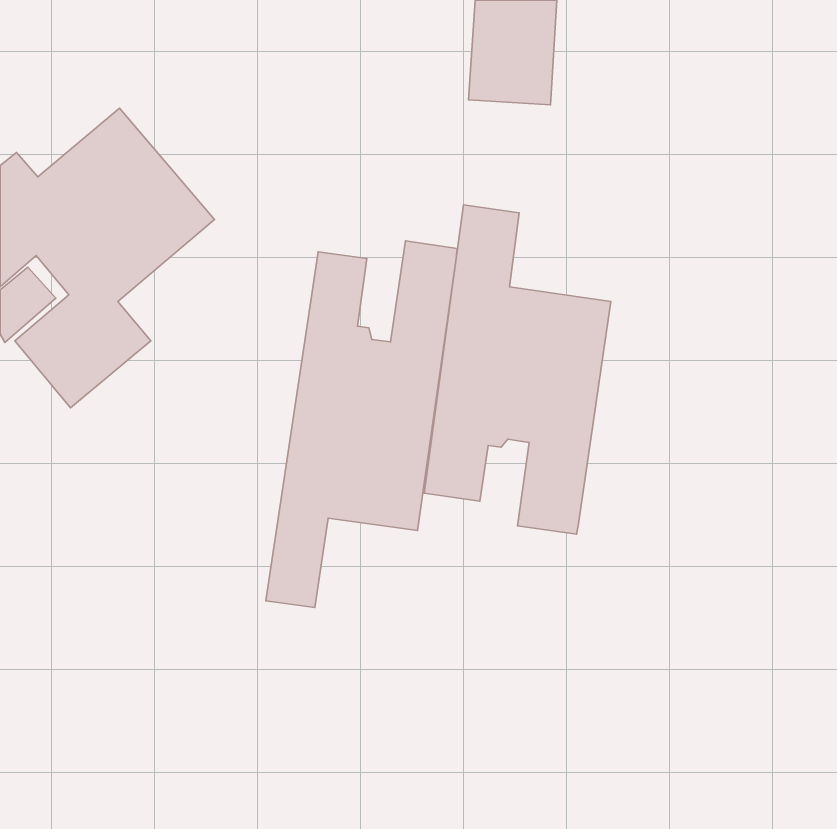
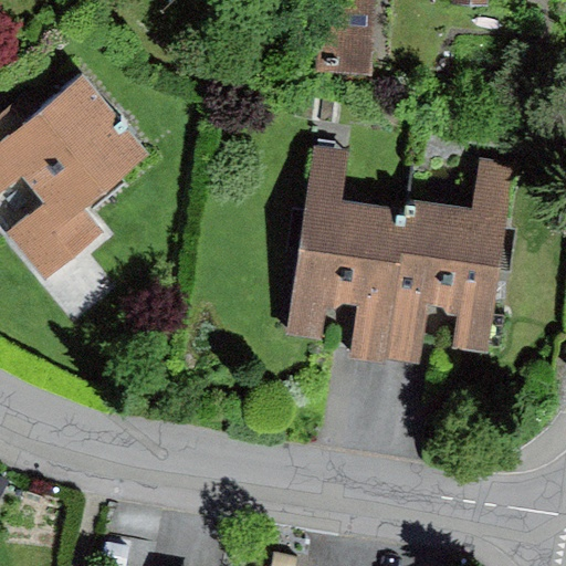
building: none -> [390,163,514,365]
building: [266,241,457,607] -> none

